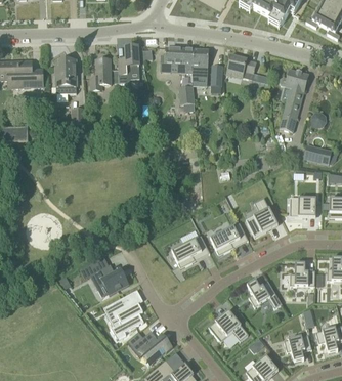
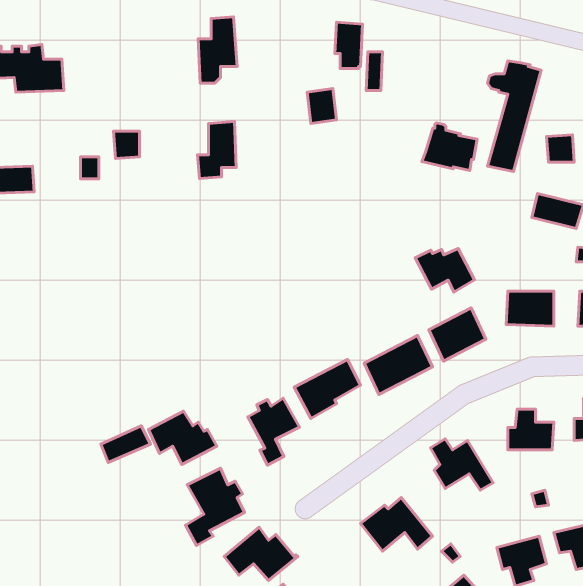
building: [160,47,195,73] -> none
building: [225,52,256,79] -> [422,123,477,171]
building: [89,58,111,90] -> [198,122,236,179]
building: [55,59,76,93] -> none
building: none -> [415,249,475,292]
building: none -> [248,398,300,465]

